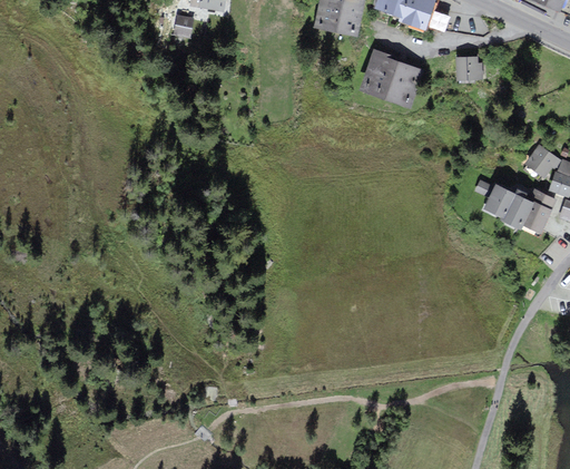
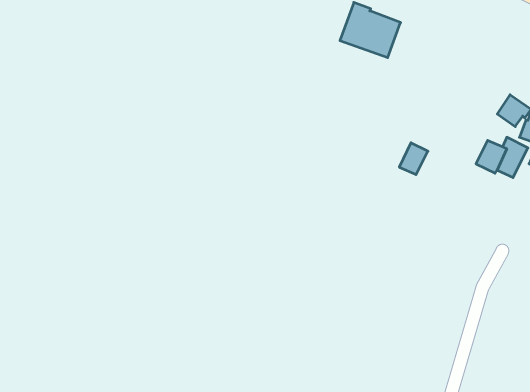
building: [455,58,483,80] -> none
building: [485,185,515,218] -> [399,143,428,175]

